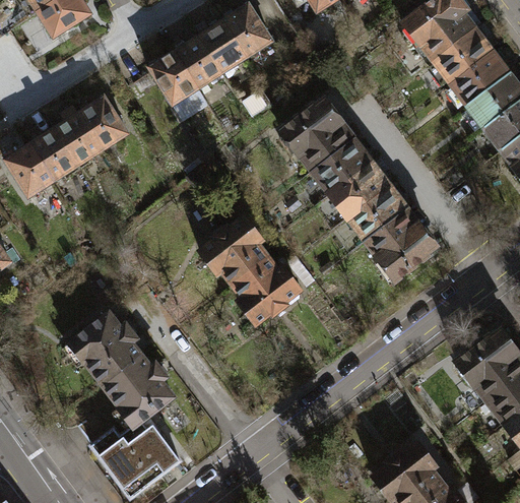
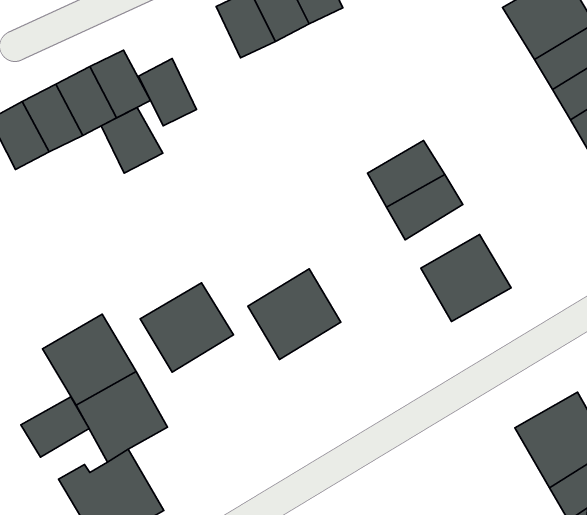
building: [148,51,198,106] -> [138,58,197,126]
building: [282,100,352,170] -> none
building: none -> [101,107,163,173]
building: [347,186,406,241] -> none
building: [197,213,273,288] -> [140,283,233,372]
building: none -> [21,397,89,457]

